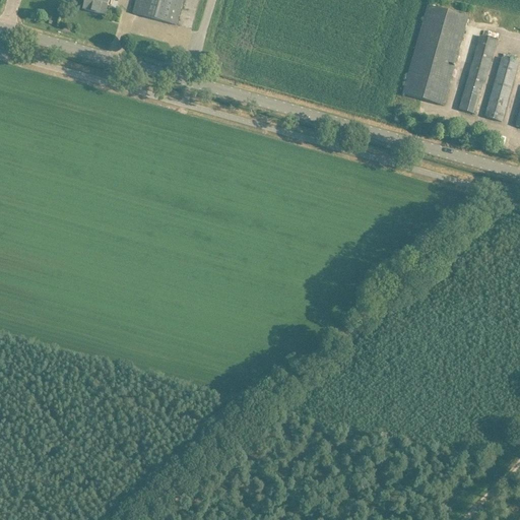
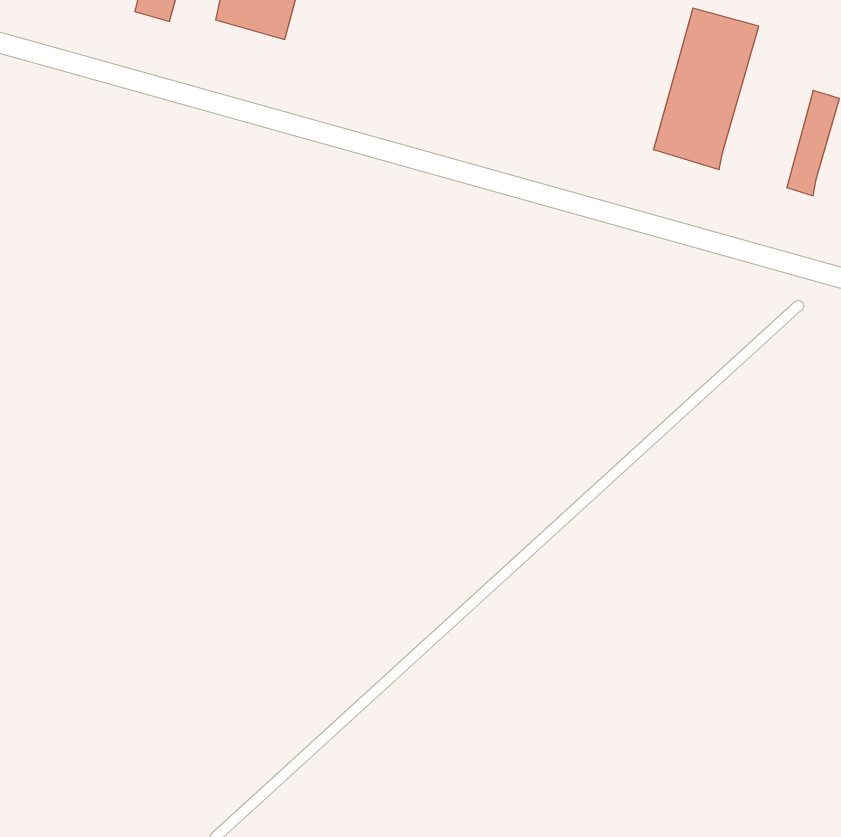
building: [459,35,496,113] -> none

